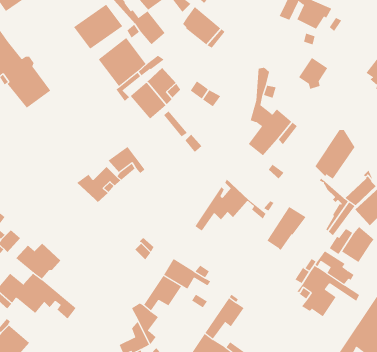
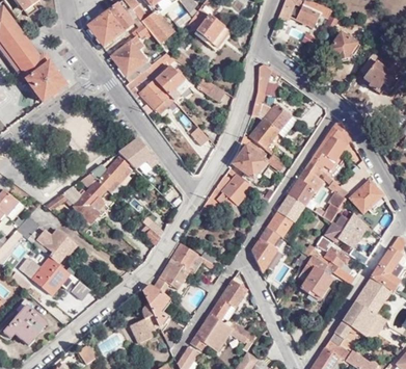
building: [298,57,328,89] -> [328,32,356,62]
building: none -> [233,137,266,179]
building: none -> [289,157,323,205]
building: none -> [46,173,107,223]
building: none -> [251,227,279,272]

